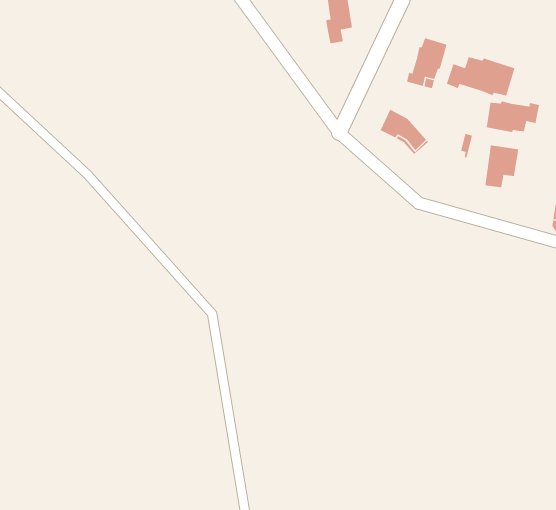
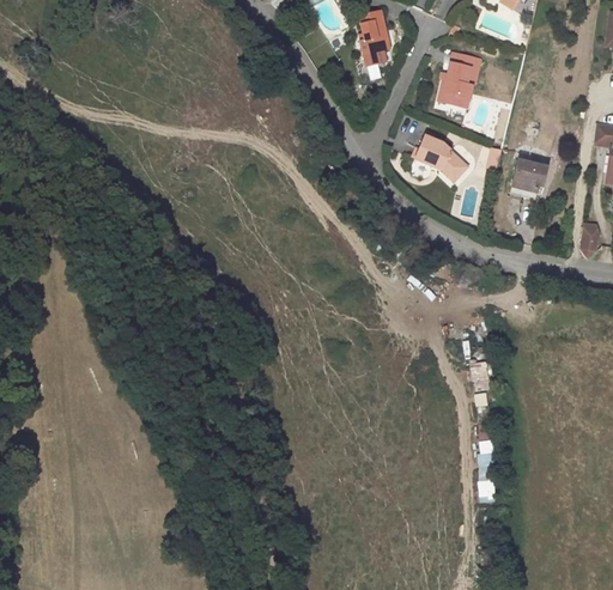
building: [446,56,515,96] -> none
building: [486,100,540,133] -> none

